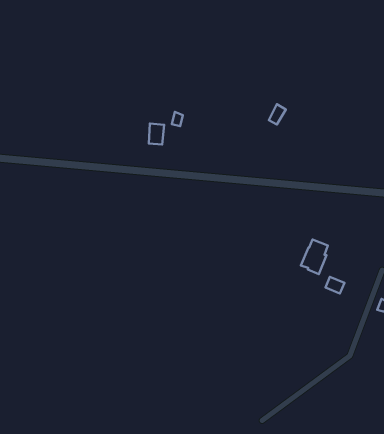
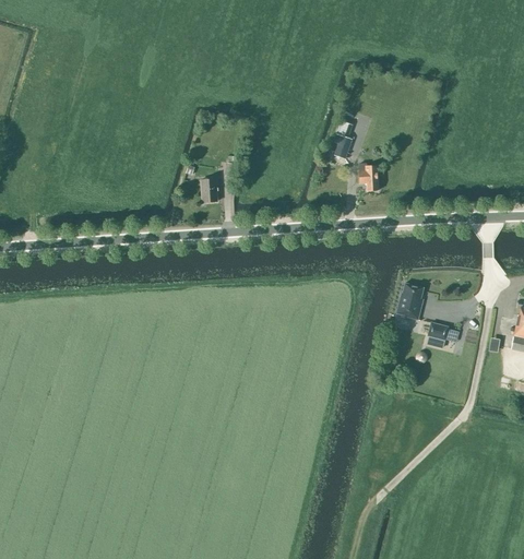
building: none -> [359,164,379,191]

